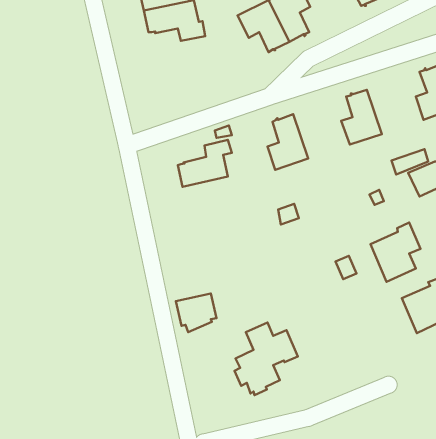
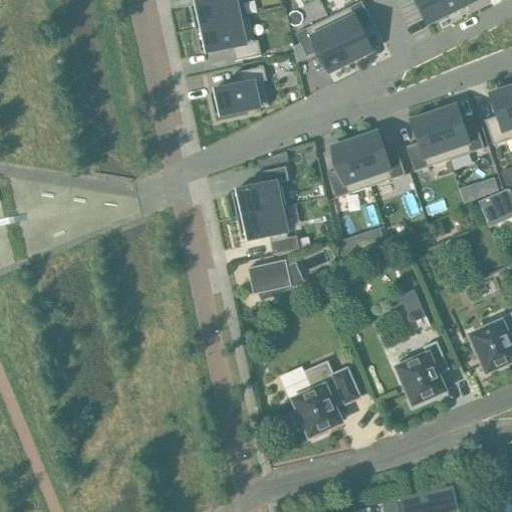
building: none -> [210,65,268,115]
building: none -> [433,104,484,160]
building: none -> [354,132,406,186]
building: none -> [237,205,299,253]
building: [371,222,421,282] -> [396,340,449,404]
building: [176,294,217,332] -> [248,259,291,300]

